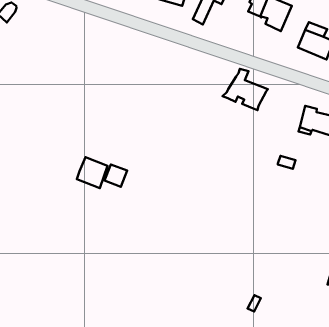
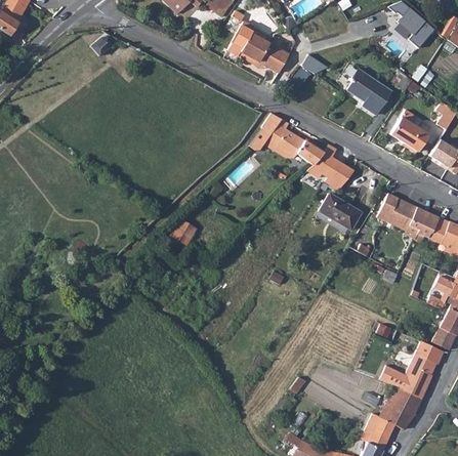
building: none -> [249,114,323,164]
building: none -> [317,193,360,230]
building: [77,157,108,188] -> none

